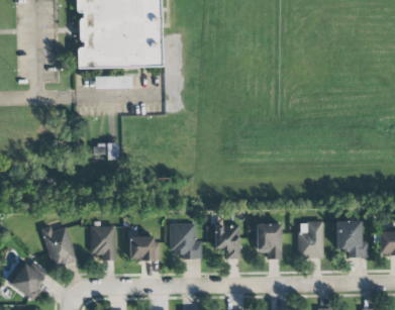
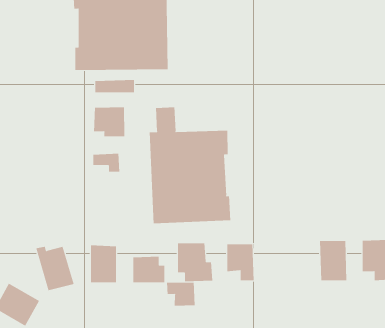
building: none -> [149,106,231,224]
building: none -> [93,107,125,137]
building: [256,223,282,259] -> none
building: none -> [167,282,195,307]

